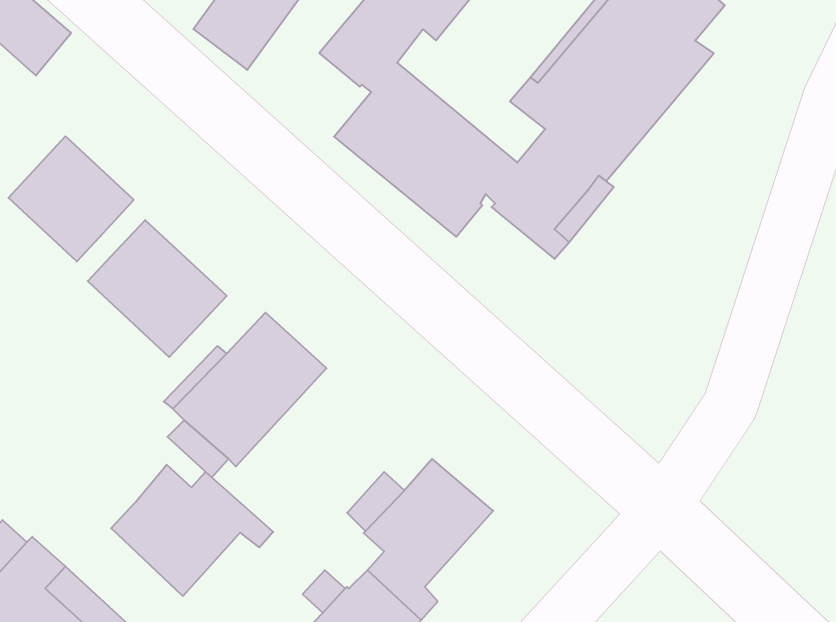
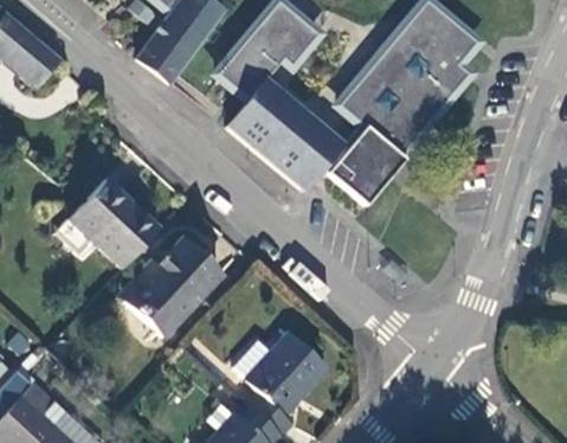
building: [8,136,134,262] -> none
building: [111,465,273,596] -> none

